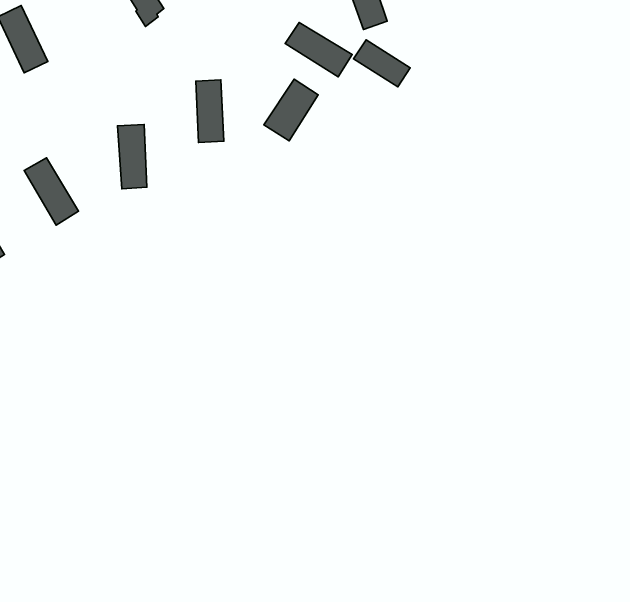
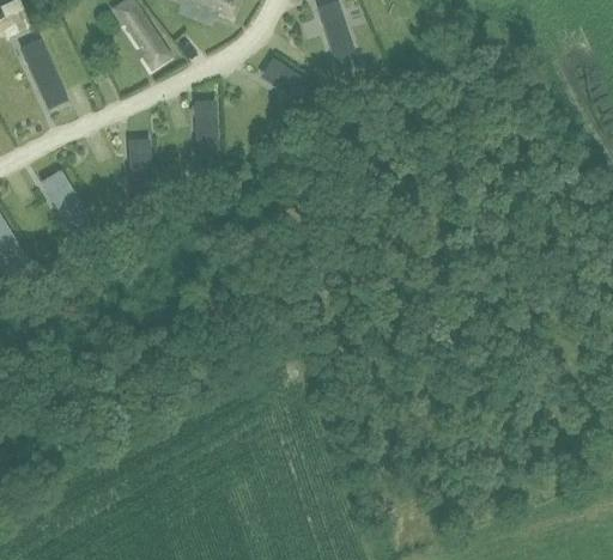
building: [354,40,410,87] -> none
building: [264,79,318,141] -> none

